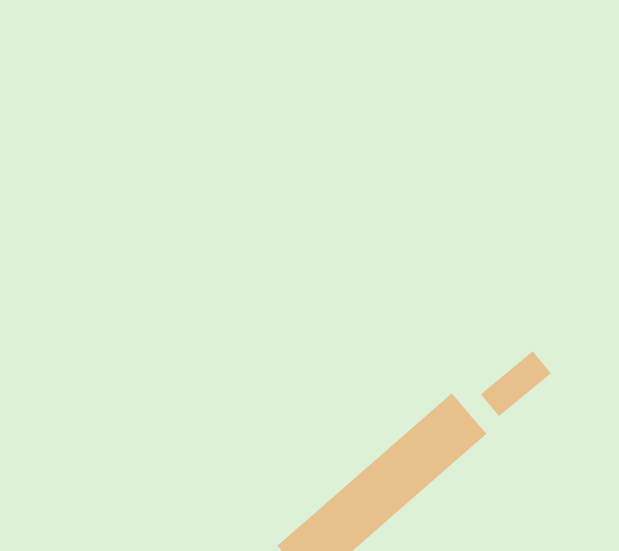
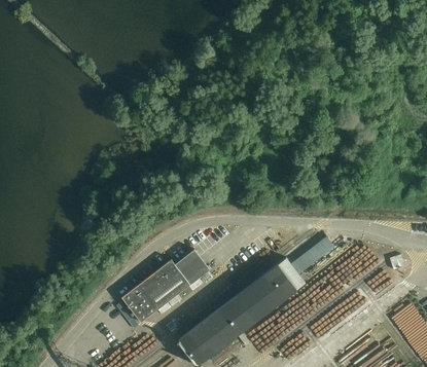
building: none -> [120,251,210,324]

